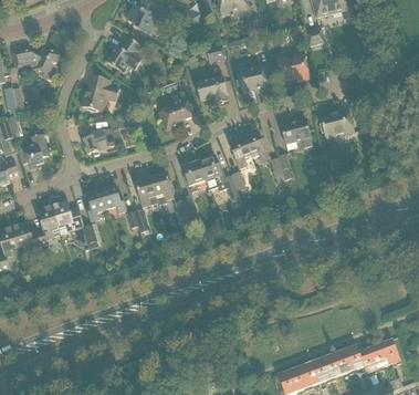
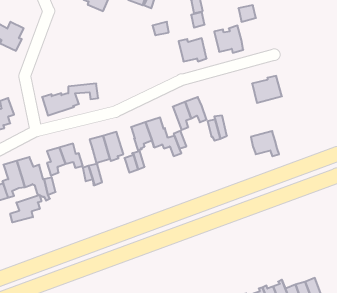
building: [105,35,140,71] -> none
building: [80,75,118,111] -> none
building: [195,76,227,103] -> none
building: [158,95,191,129] -> none
building: [280,117,312,146] -> [251,131,279,156]
building: none -> [10,195,41,222]

